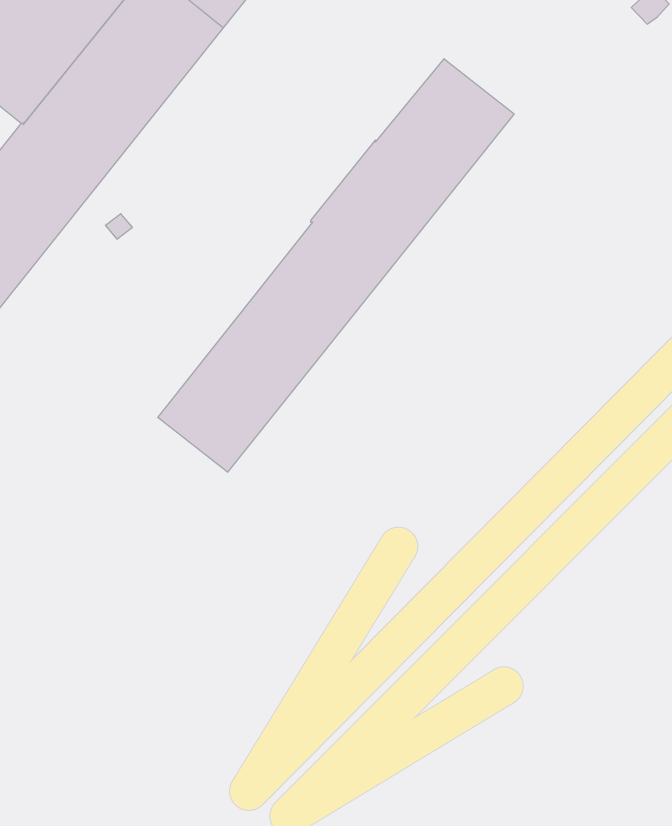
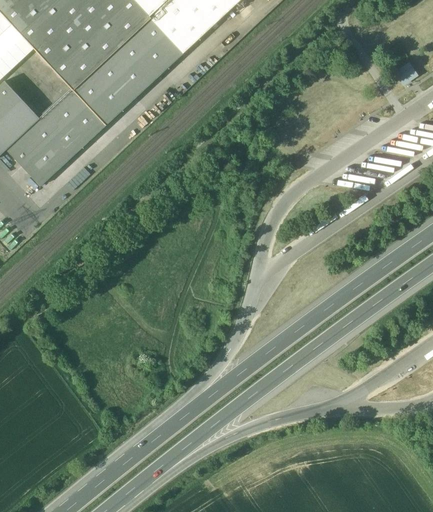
building: [158,59,514,472] -> none

